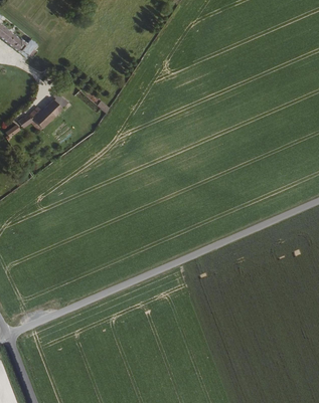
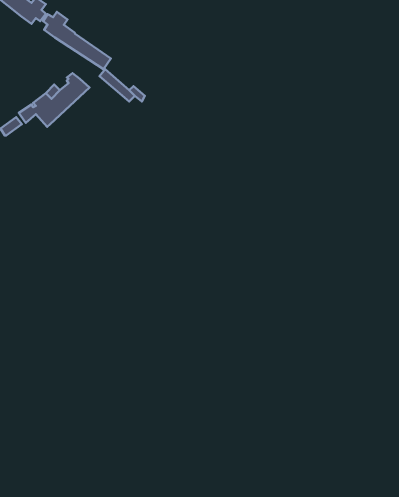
building: none -> [43,12,111,69]

